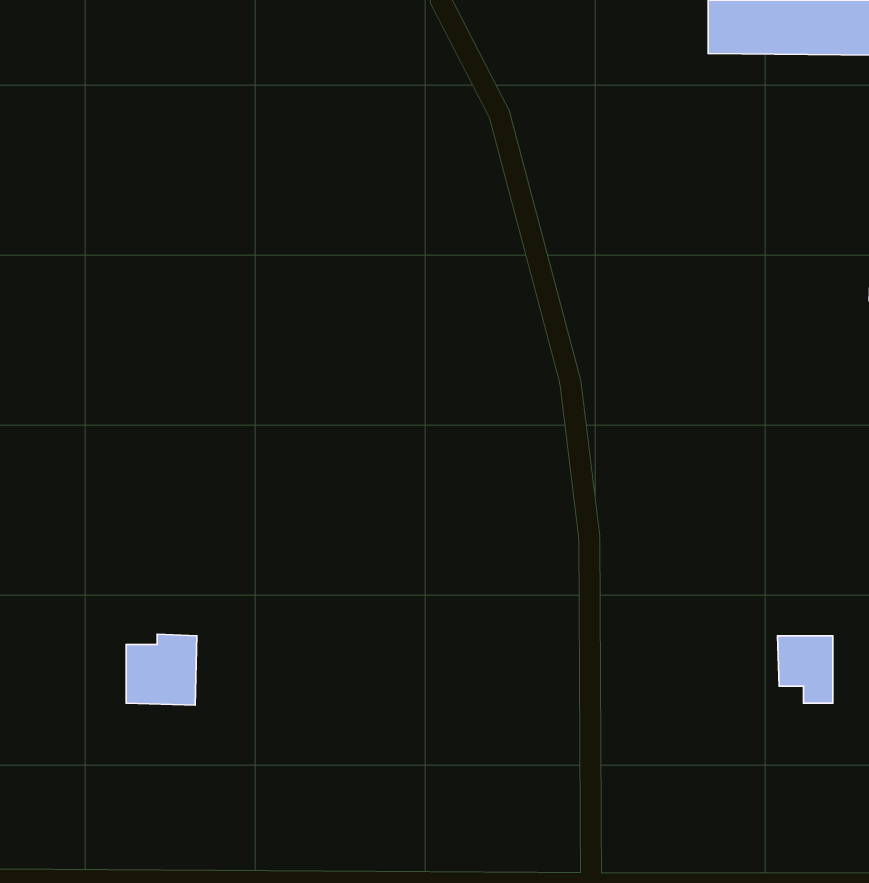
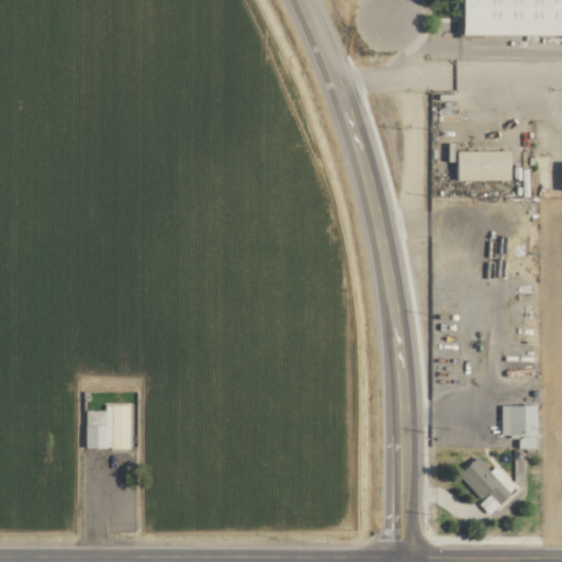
building: none -> [456,150,508,181]
building: none -> [461,457,520,513]

